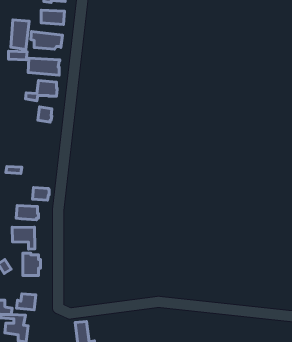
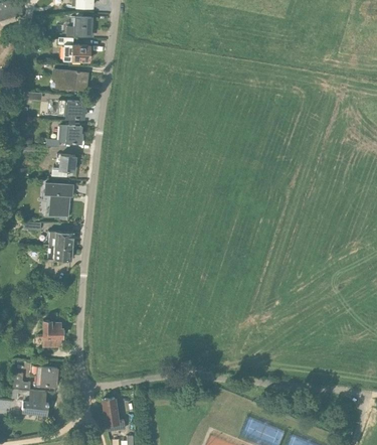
building: [11,20,29,50] -> none
building: none -> [44,182,73,214]
building: [16,206,38,220] -> [49,231,74,247]
building: [12,227,35,249] -> none

